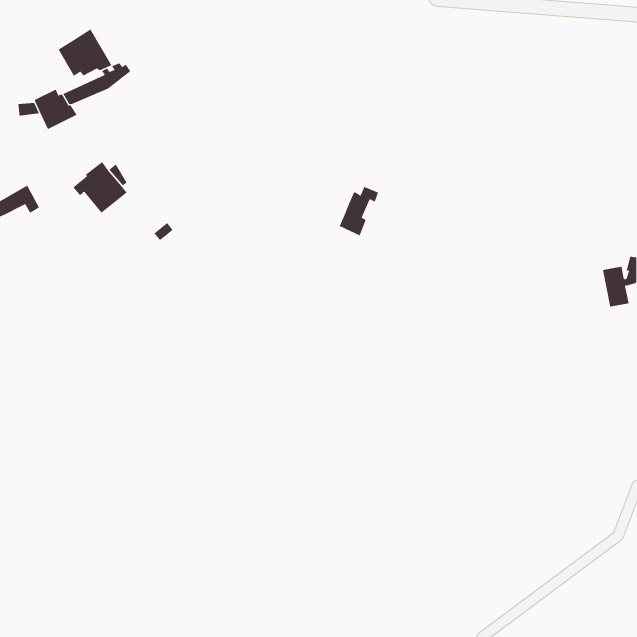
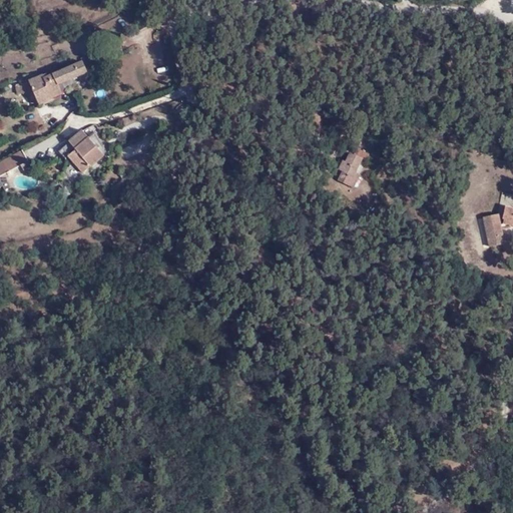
building: [58,29,112,77] -> none
building: [339,186,379,236] -> [337,147,369,187]

